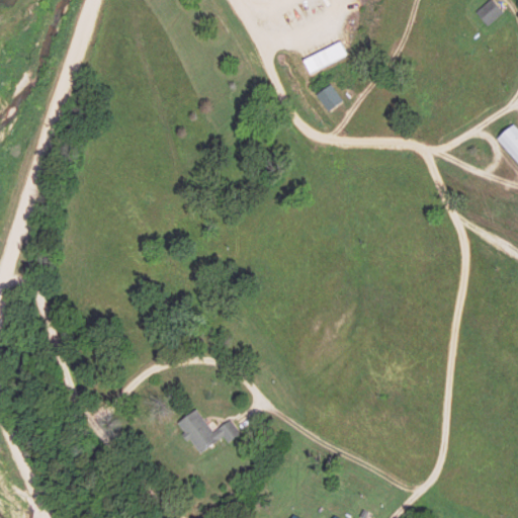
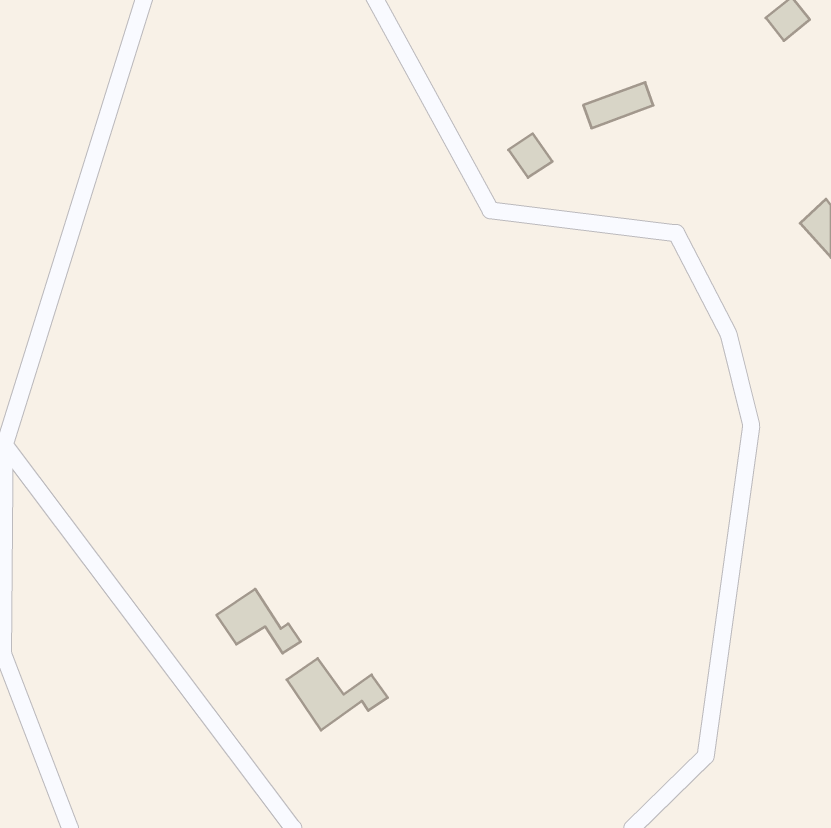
building: [304,42,347,71] -> [583,82,653,128]
building: none -> [217,589,301,653]

